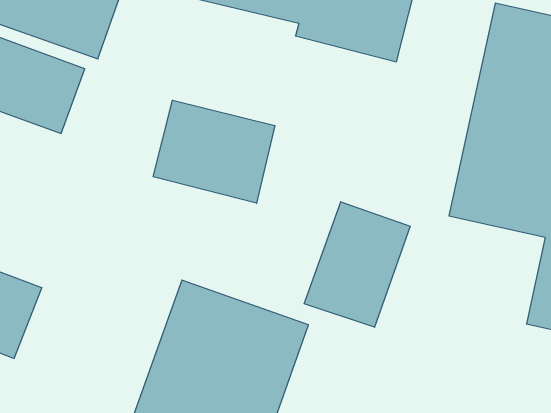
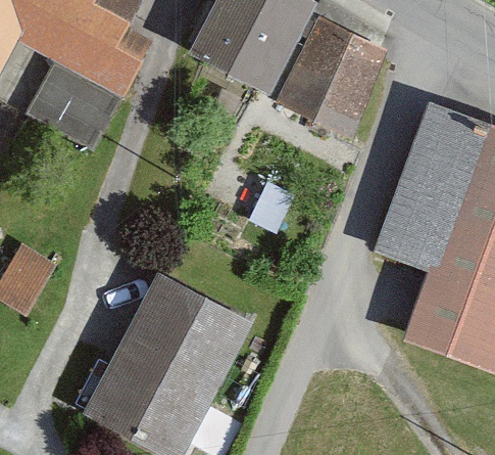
building: [153,100,275,203] -> none
building: [304,202,410,327] -> none

